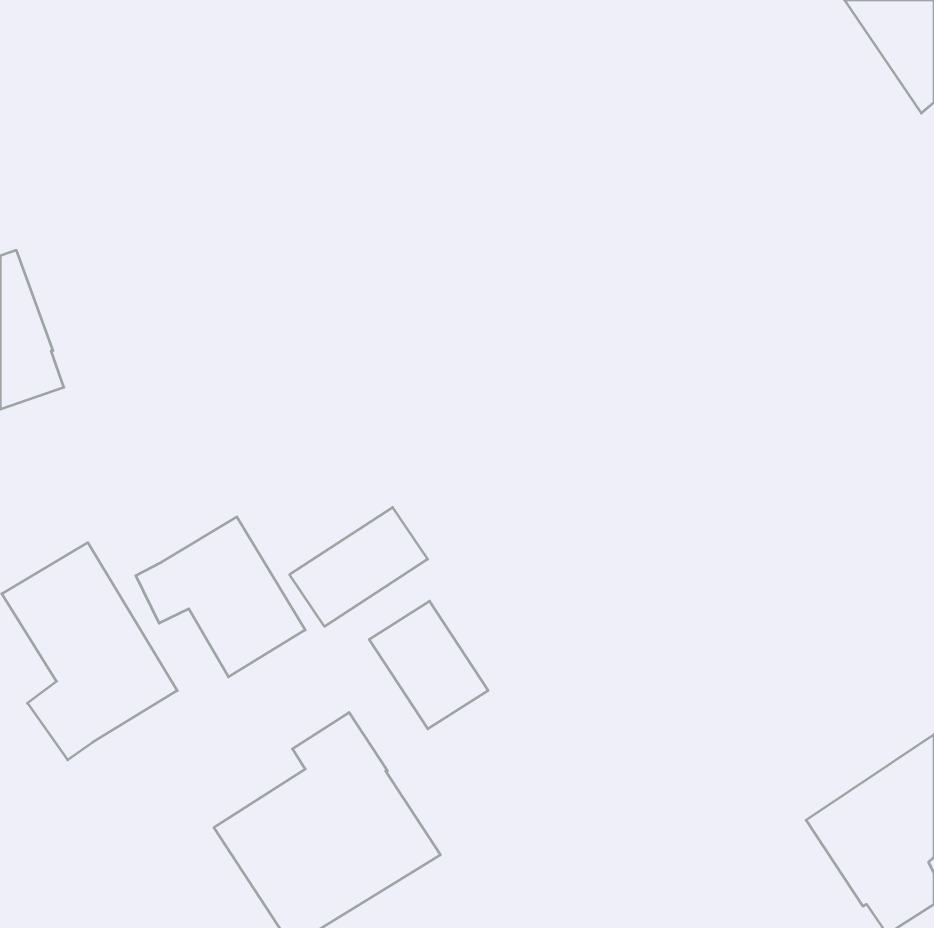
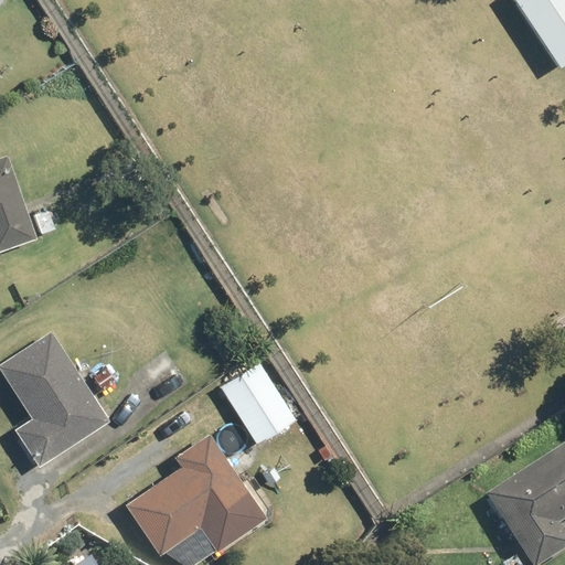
building: [290,507,428,626] -> none
building: [136,517,305,677] -> none

